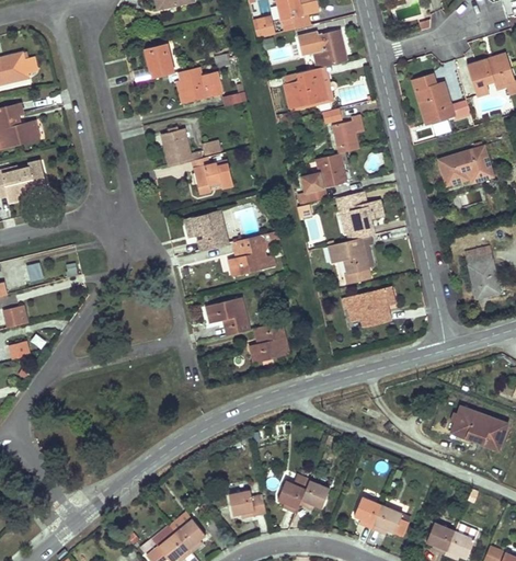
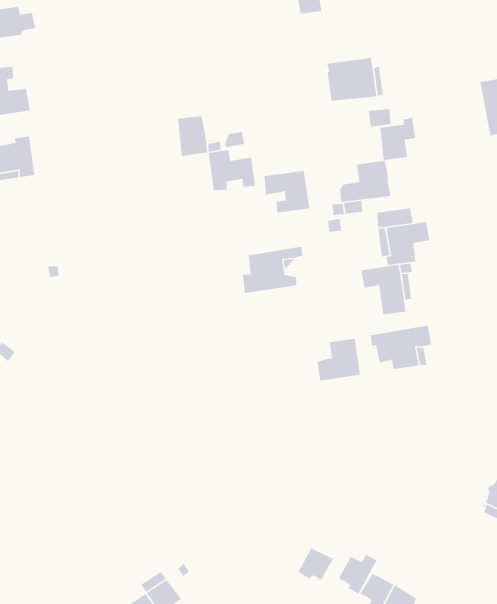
building: [298,30,346,68] -> none
building: [145,44,173,78] -> none
building: [177,66,222,102] -> none
building: [185,211,227,250] -> [263,170,310,214]
building: [205,298,249,335] -> none
building: [250,322,288,362] -> [316,338,361,382]
building: [276,478,308,513] -> [338,553,378,595]
building: [228,490,265,518] -> none

